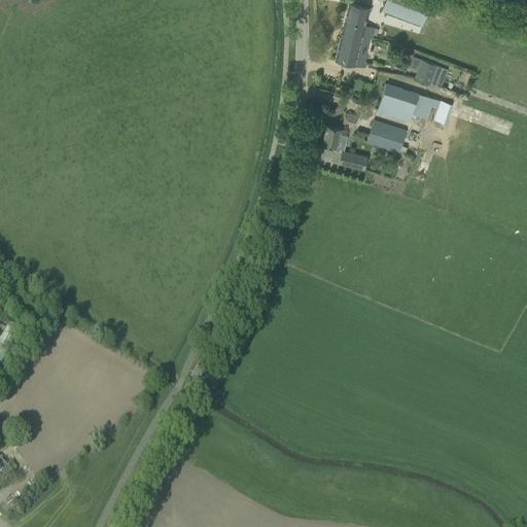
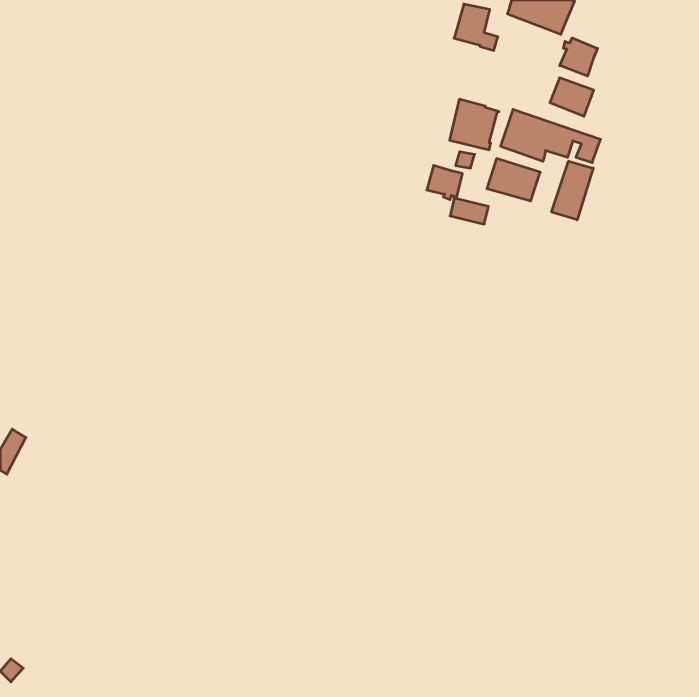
building: none -> [560,38,598,76]
building: [335,30,372,68] -> [450,99,499,150]
building: none -> [552,161,593,220]

